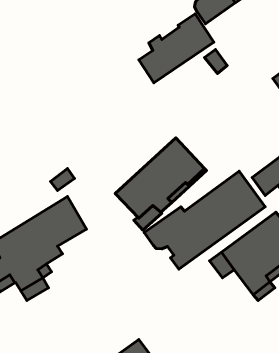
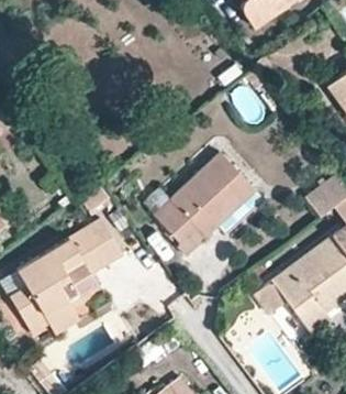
building: [139,14,214,83] -> none
building: [144,171,265,269] -> none

